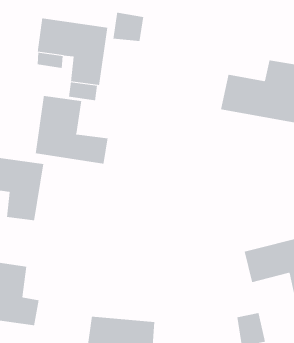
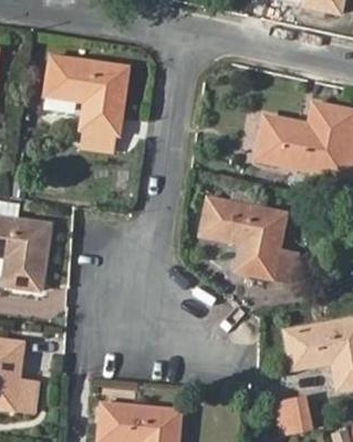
building: [113,12,144,42] -> none
building: [35,95,108,165] -> none
building: none -> [200,197,293,284]

